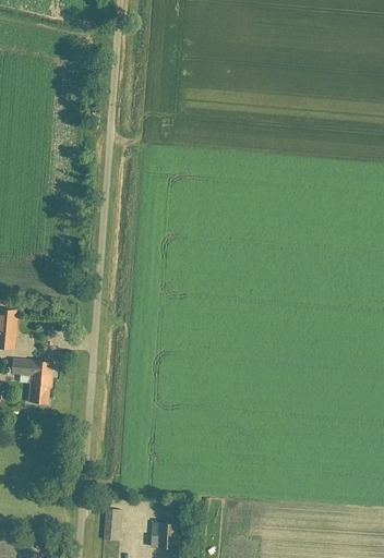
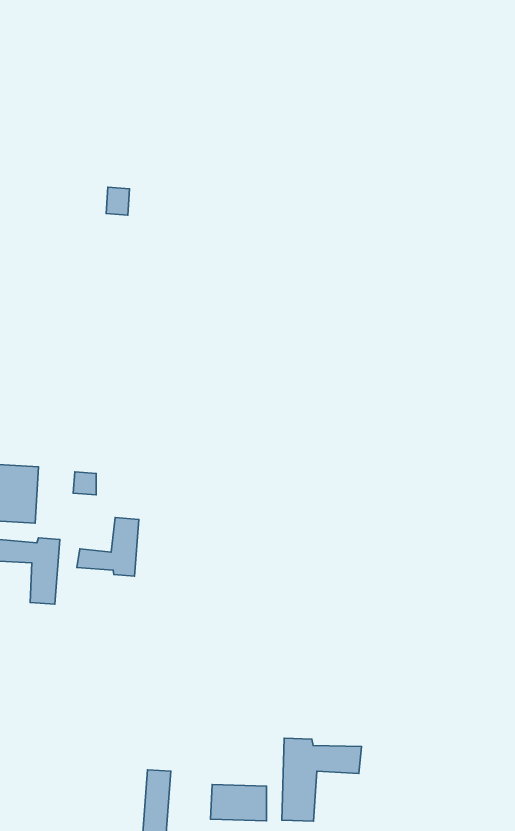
building: none -> [77,517,139,576]
building: none -> [282,738,362,821]

